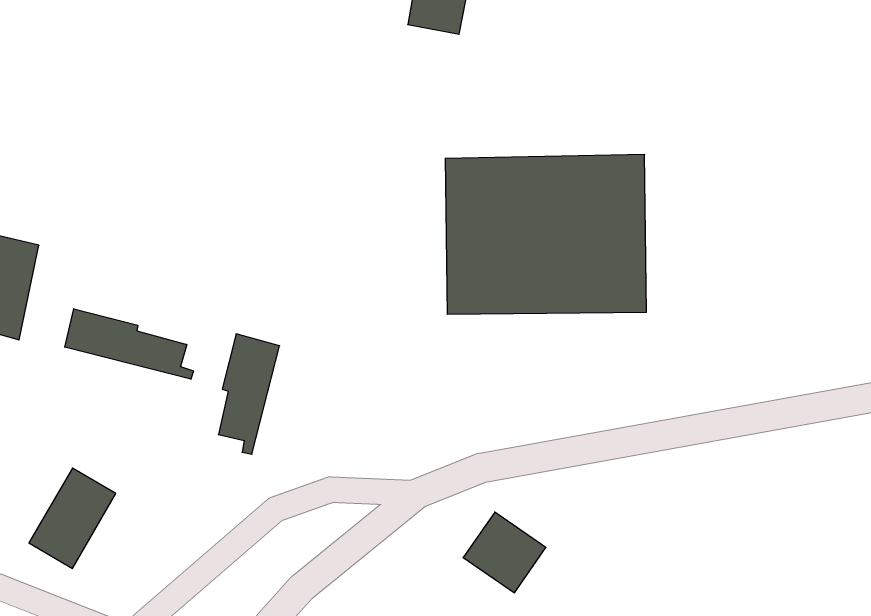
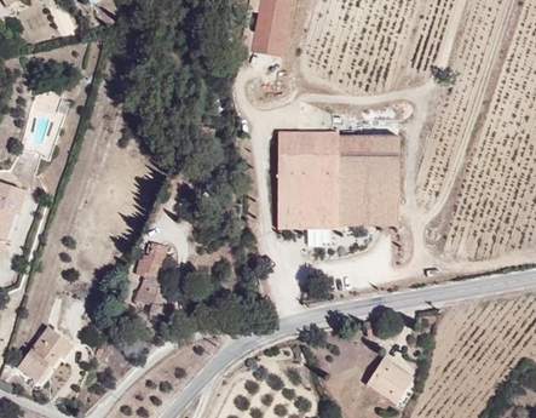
building: [65,309,194,379] -> none
building: [463,512,546,593] -> [358,353,409,402]

